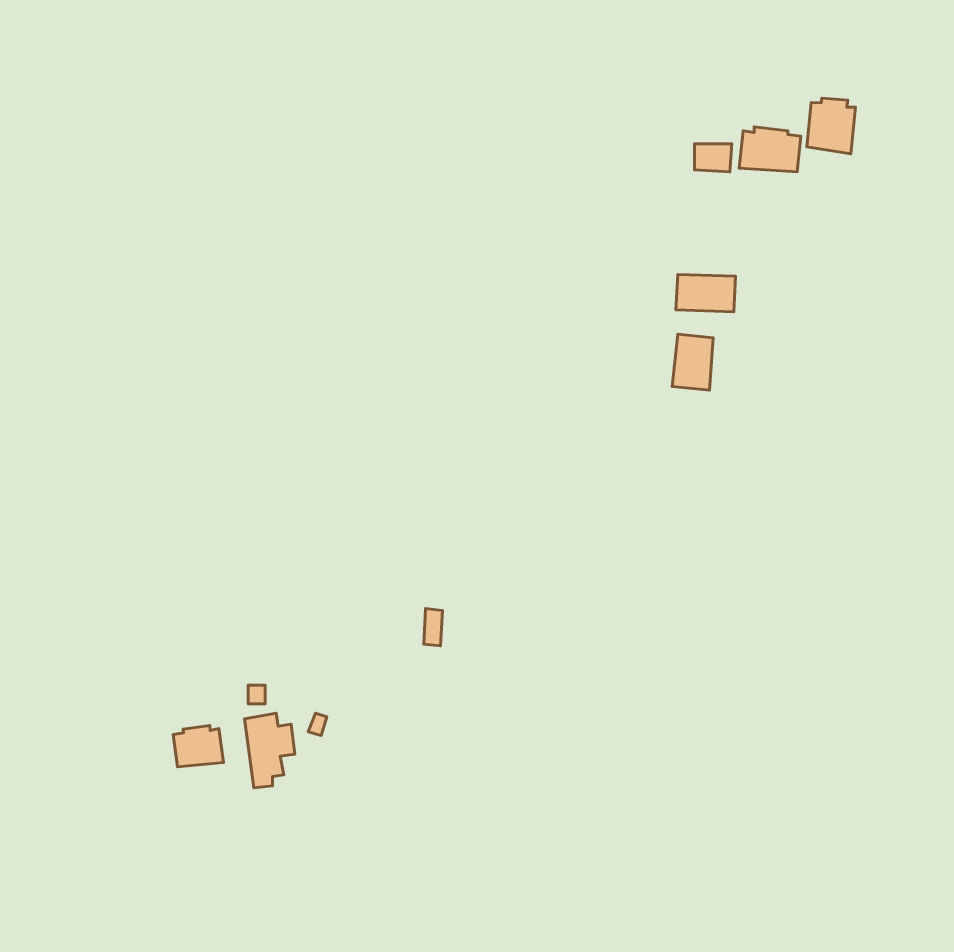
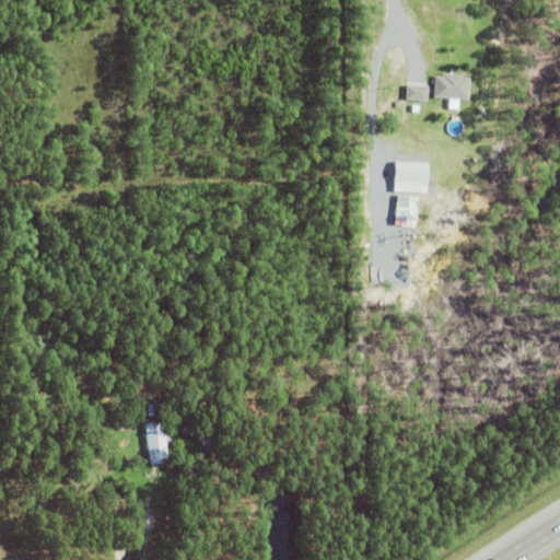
building: [807,98,855,154] -> none
building: [173,725,223,767] -> none

